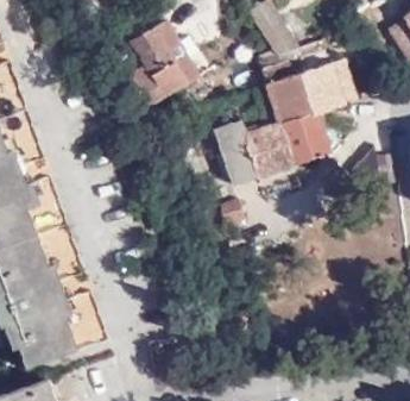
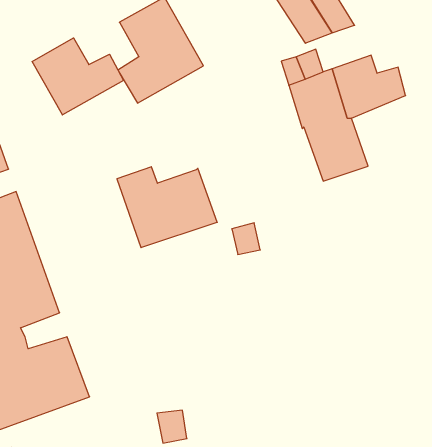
building: none -> [32,38,123,115]
building: [213,123,292,187] -> [117,167,217,248]

